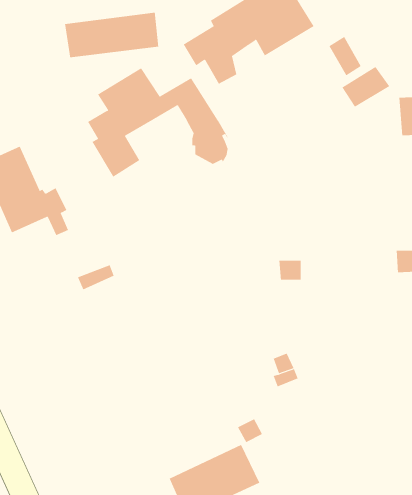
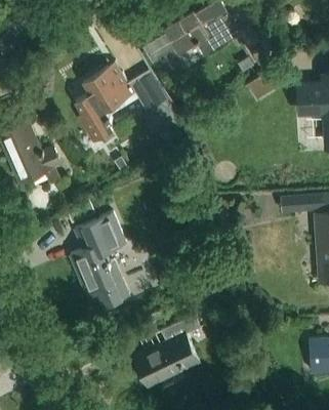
building: [65,12,159,58] -> none
building: none -> [69,213,128,312]

